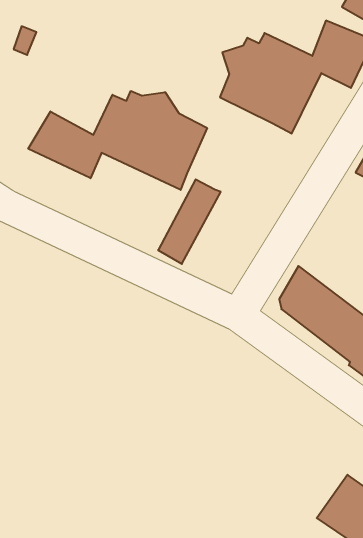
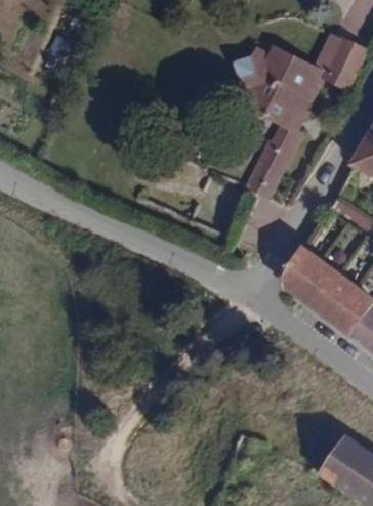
building: [28,91,207,190] -> none
building: [158,179,221,264] -> [246,121,302,197]

